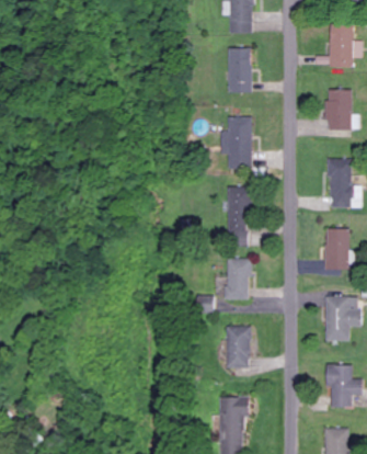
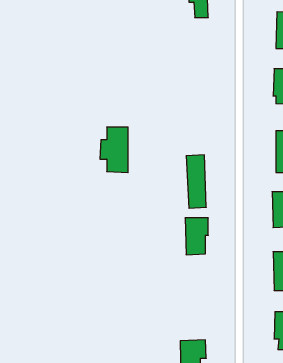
building: [230,48,250,82] -> none
building: [219,116,251,168] -> [100,127,128,173]
building: [225,326,250,368] -> none

